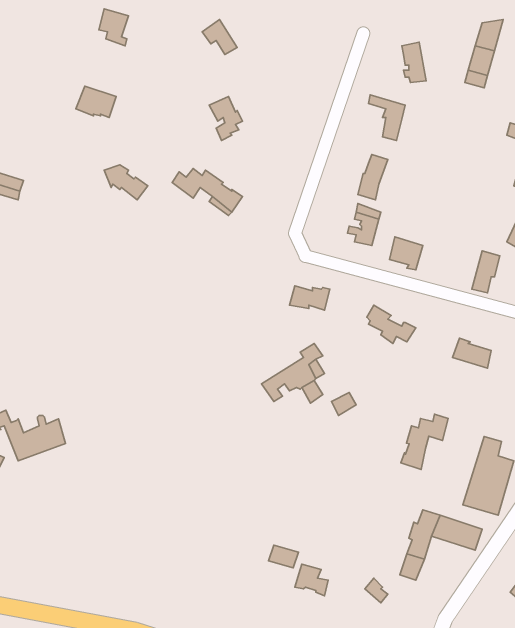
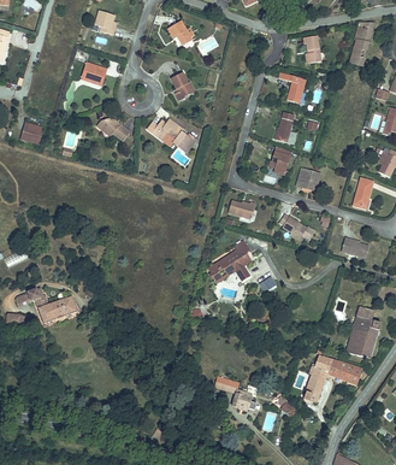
building: [401,414,448,469] -> none

